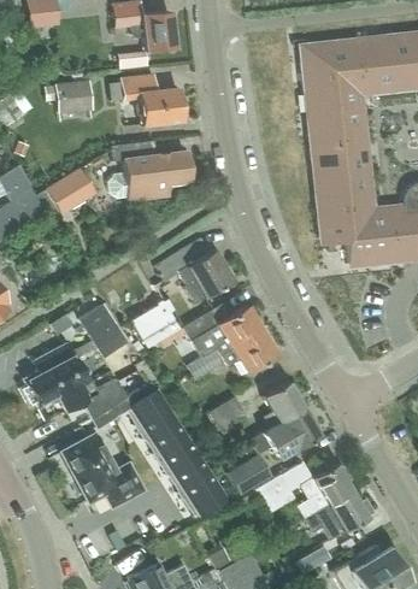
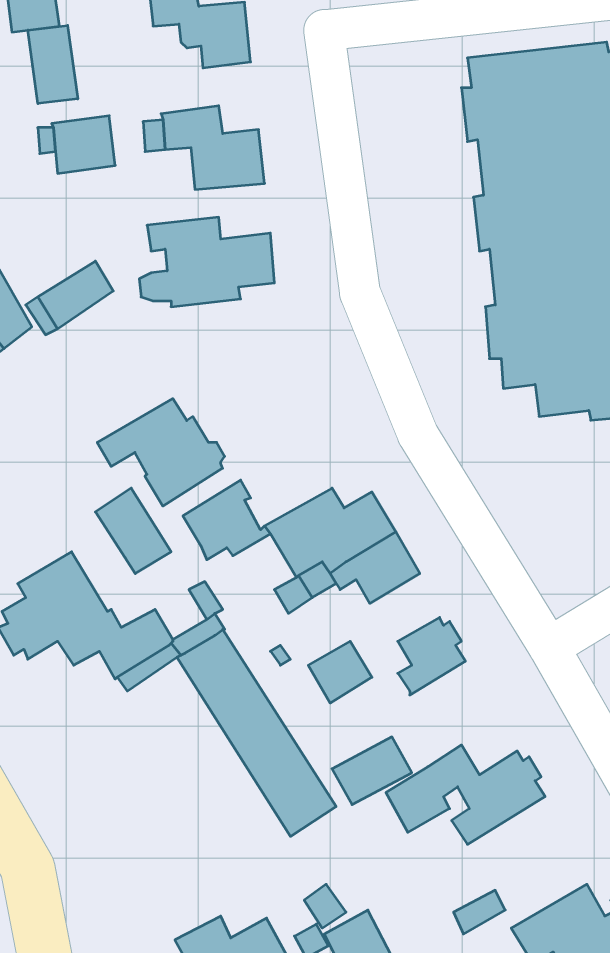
building: none -> [28,25,78,104]
building: [158,240,235,305] -> [97,399,225,506]
building: [251,410,323,461] -> none
building: [63,431,145,507] -> none
building: [307,491,371,532] -> none

